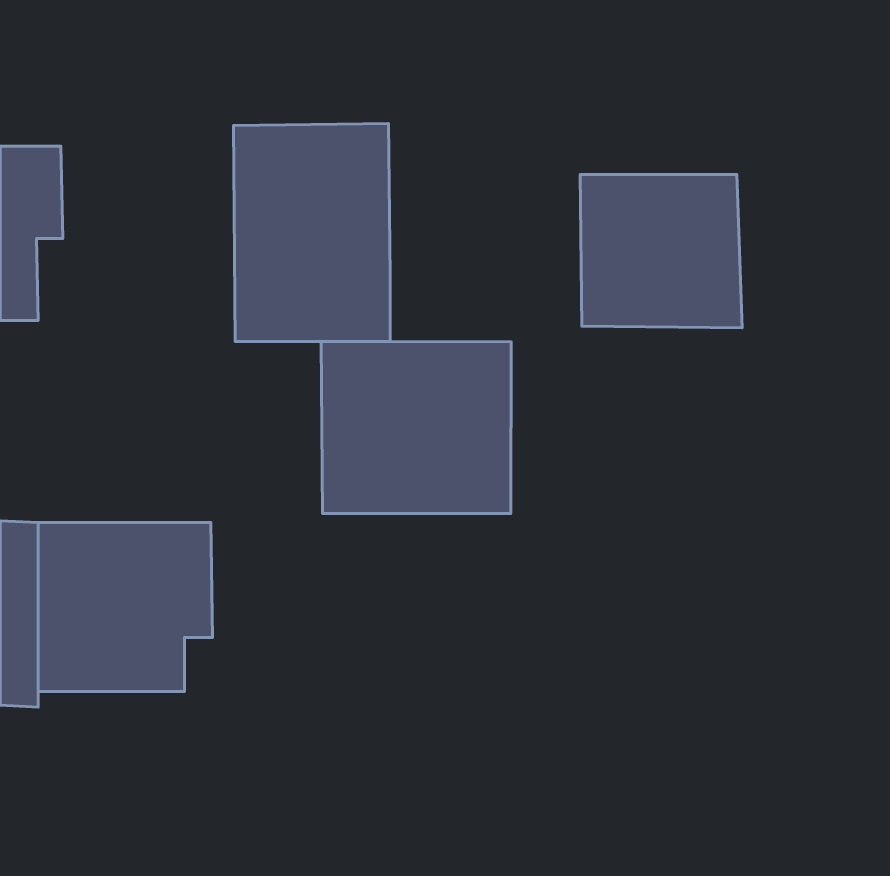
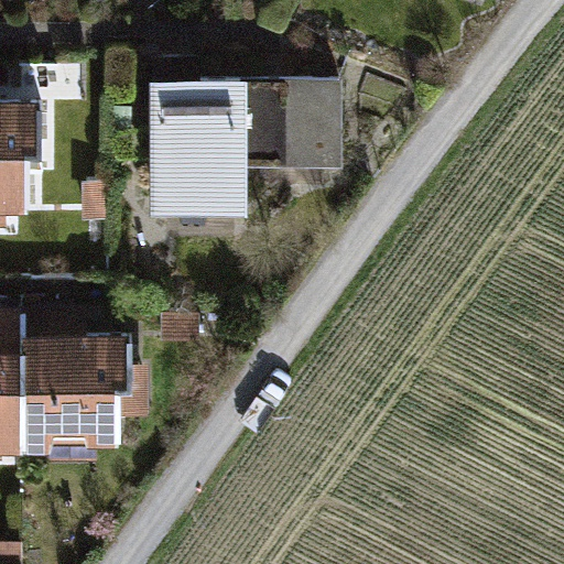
building: [580,175,742,328] -> [246,78,348,175]
building: [321,341,511,513] -> none

